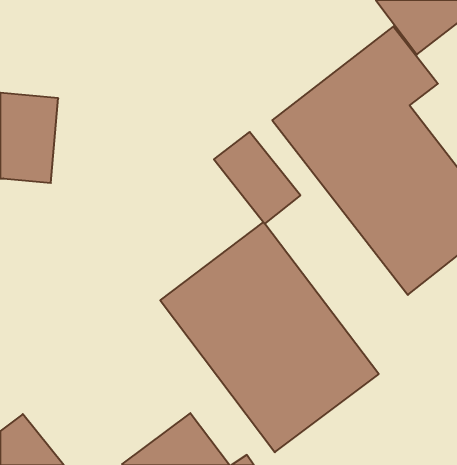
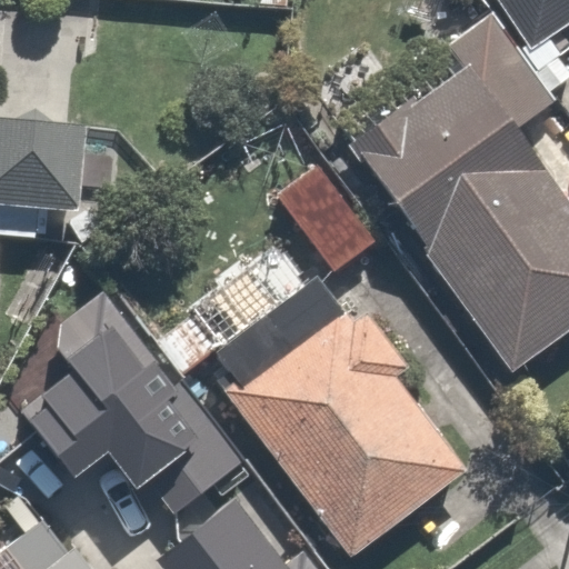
building: none -> [28,298,249,521]

